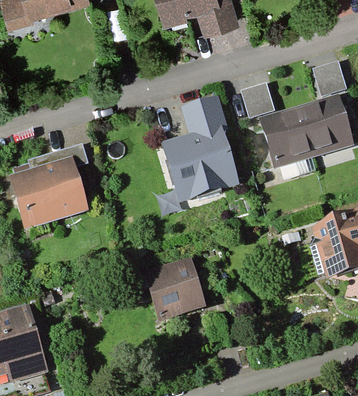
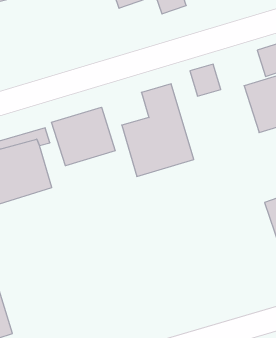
building: [255,105,311,167] -> none
building: none -> [52,107,115,166]
building: [147,258,206,321] -> none

